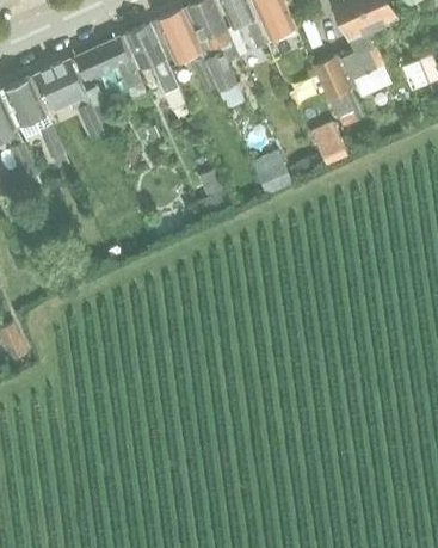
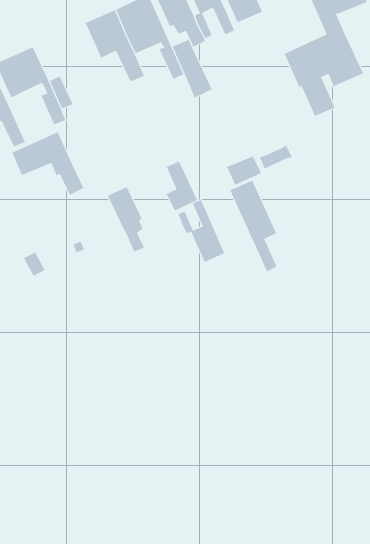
building: [74,37,144,99] -> [12,132,84,196]
building: [309,122,347,167] -> none
building: none -> [229,180,277,272]
building: none -> [107,186,145,252]
building: none -> [178,199,225,263]

